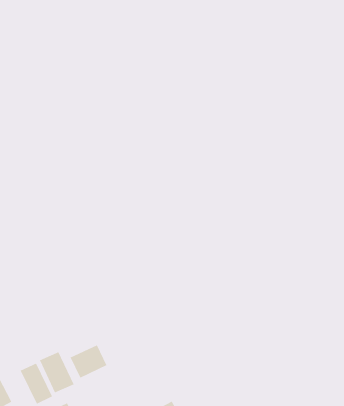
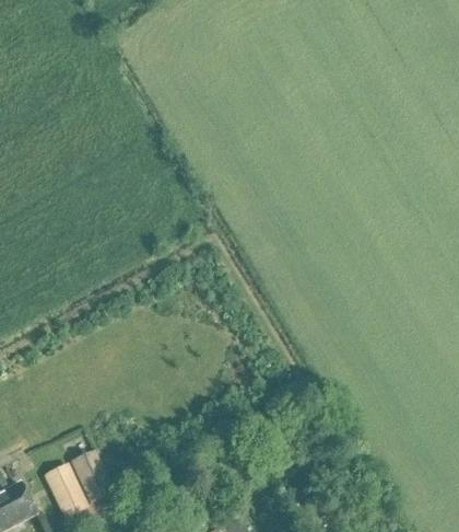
building: [70,344,107,378] -> none

